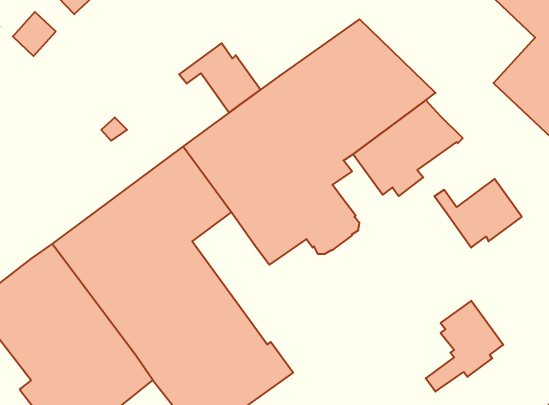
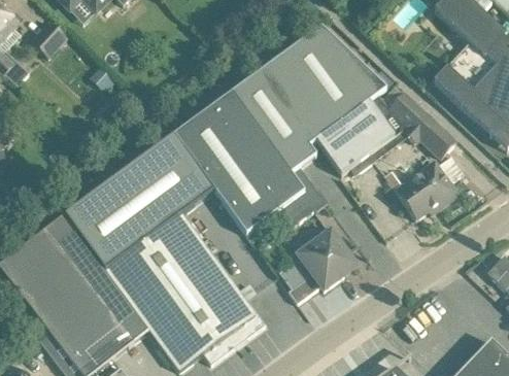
building: [179,43,260,113] -> none
building: none -> [389,92,454,156]
building: [426,301,503,392] -> [289,225,353,301]

